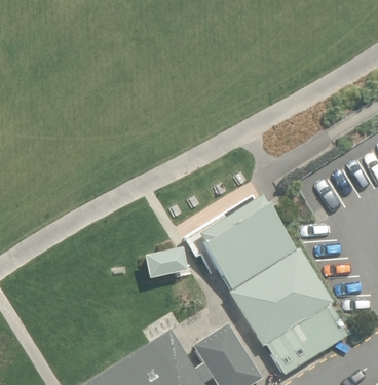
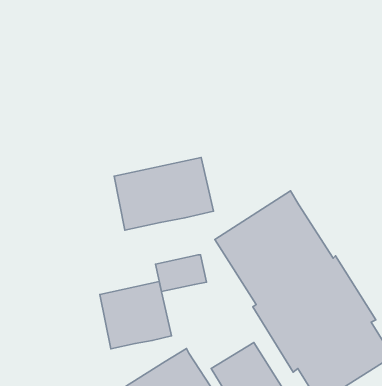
building: none -> [114,157,214,230]
building: none -> [100,281,172,349]

